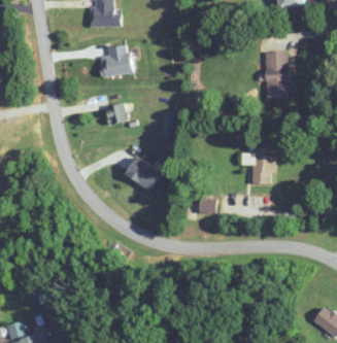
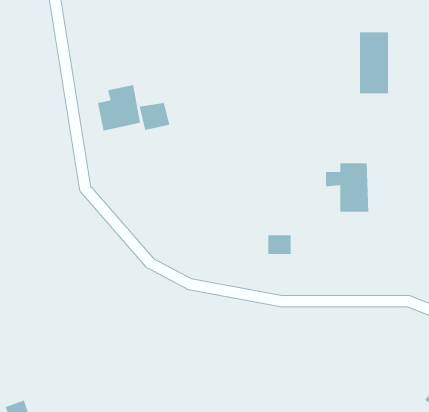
building: [100,44,132,78] -> [97,85,141,131]
building: [125,158,160,192] -> none

